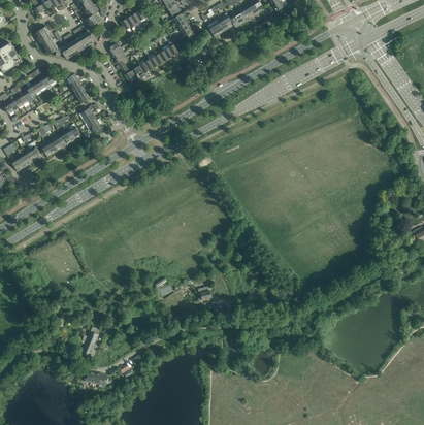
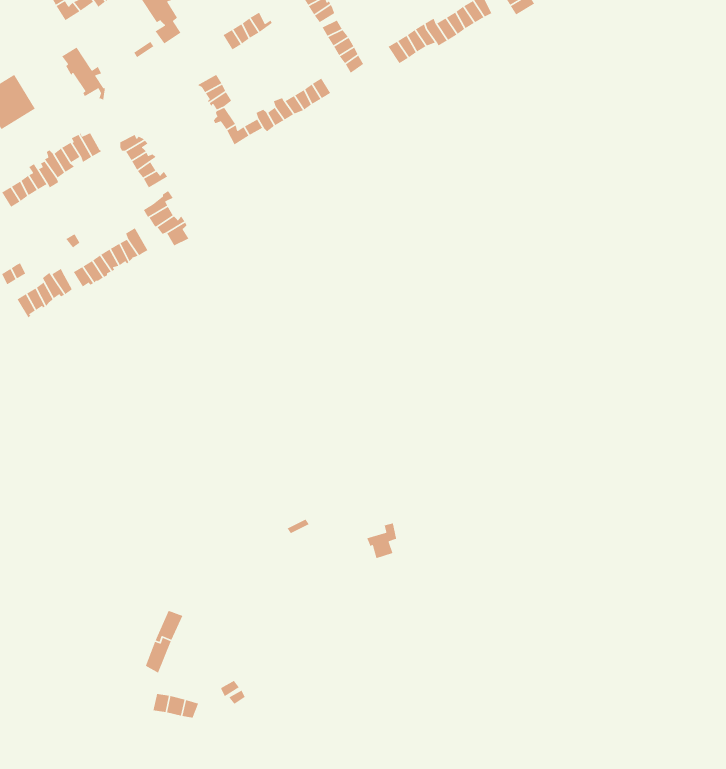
building: [58,32,95,60] -> none

